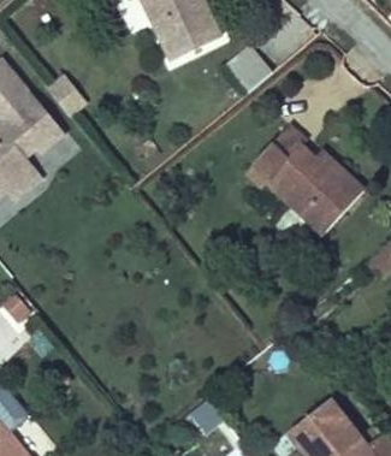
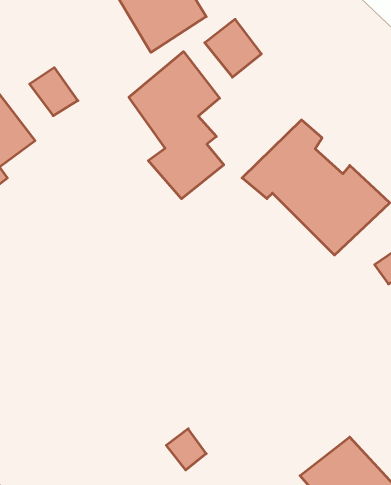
building: none -> [129,52,224,199]

